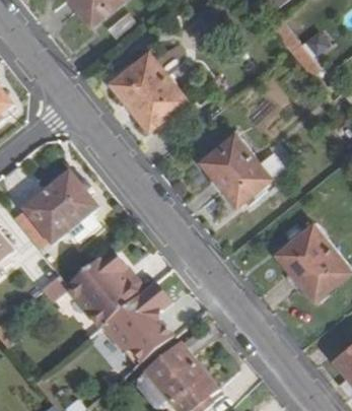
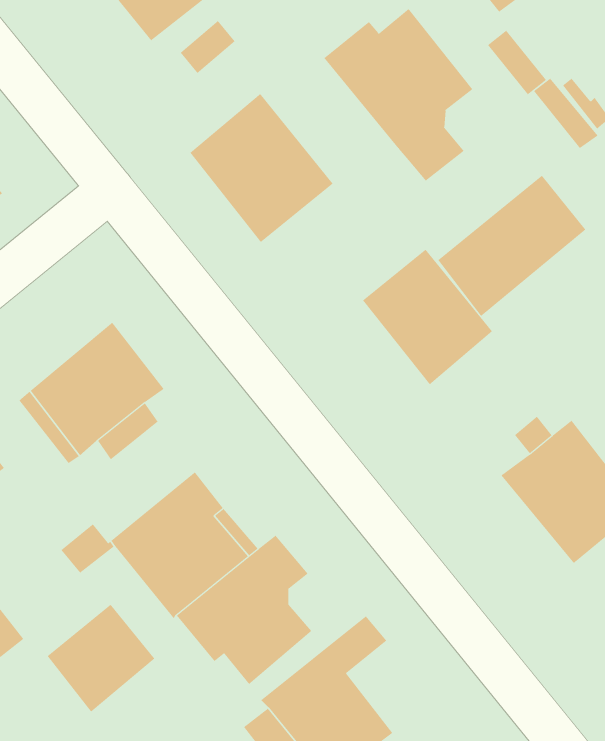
building: none -> [323,8,473,181]
building: none -> [437,175,586,317]
building: none -> [47,604,155,712]

